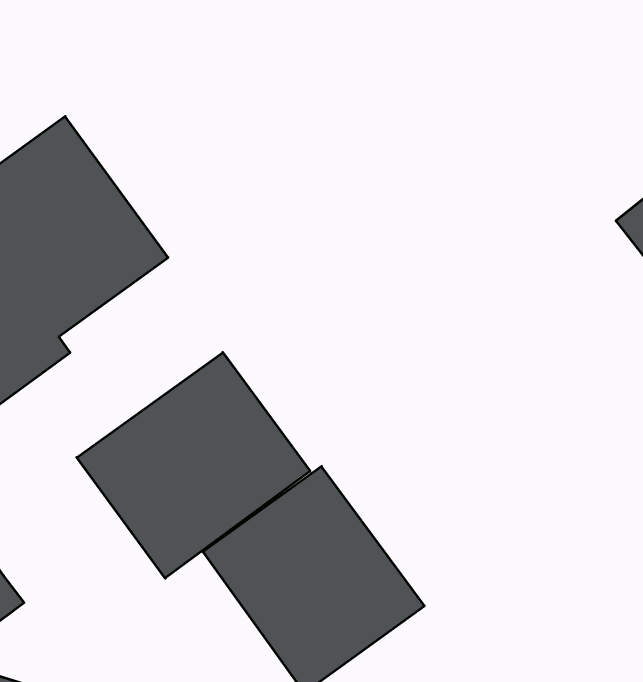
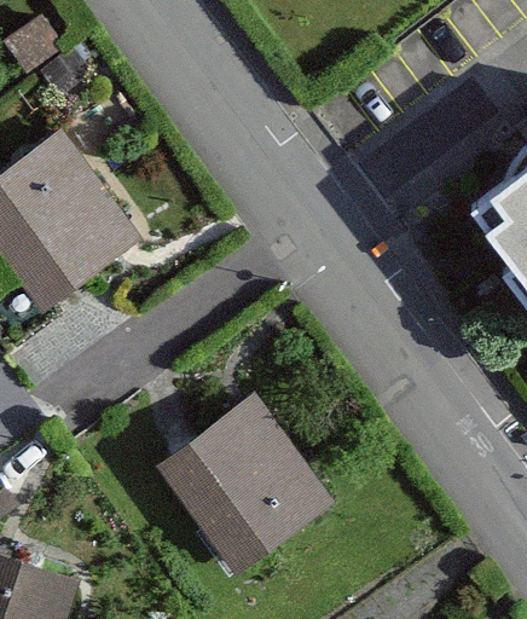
building: [77,352,310,578] -> none

